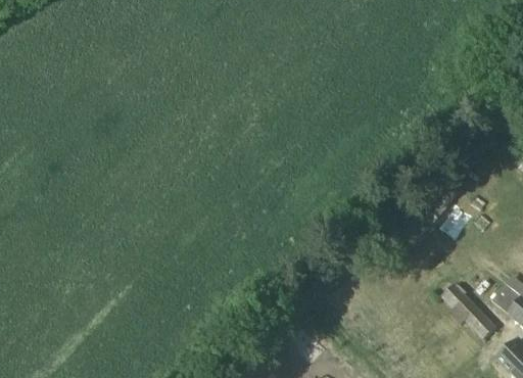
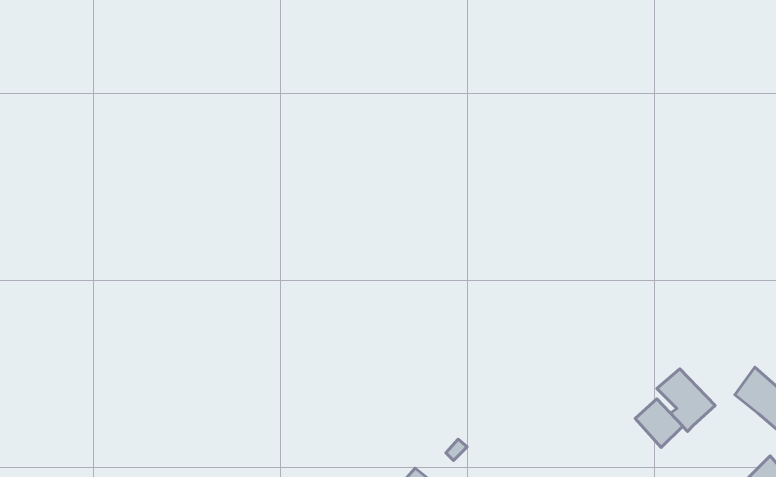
building: [464,305,495,338] -> [635,399,683,448]

